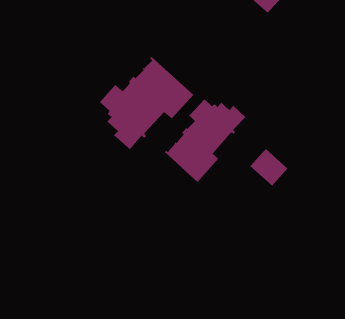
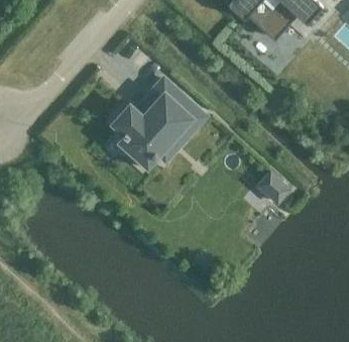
building: [164,99,246,183] -> none

